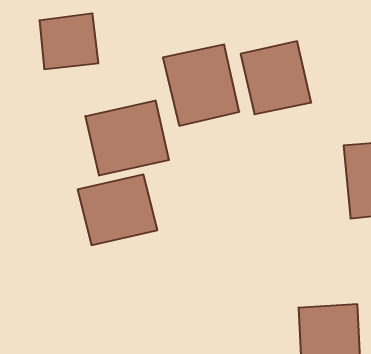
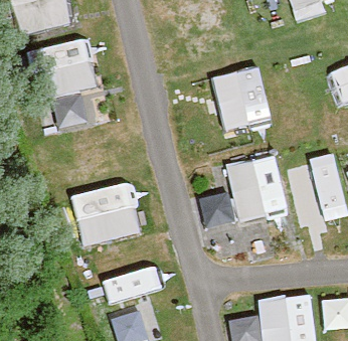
building: [163,45,239,126] -> [223,153,290,223]
building: [85,100,169,176] -> none

